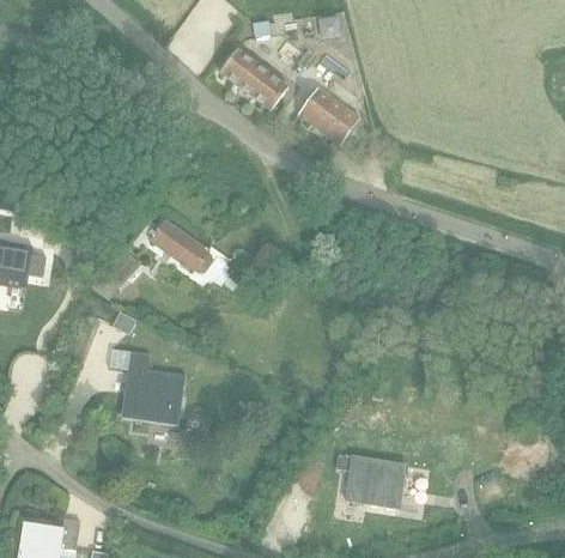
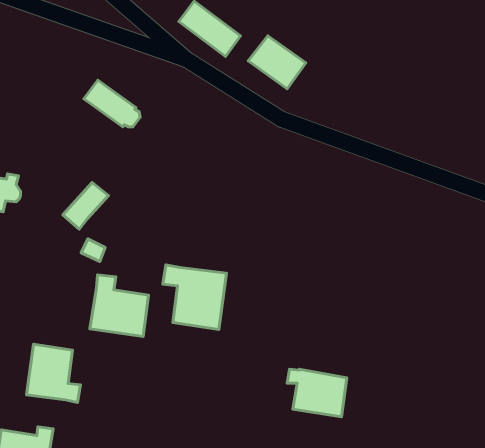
building: [150,219,212,271] -> [84,80,140,127]
building: none -> [163,265,227,329]
building: none -> [26,344,80,402]

